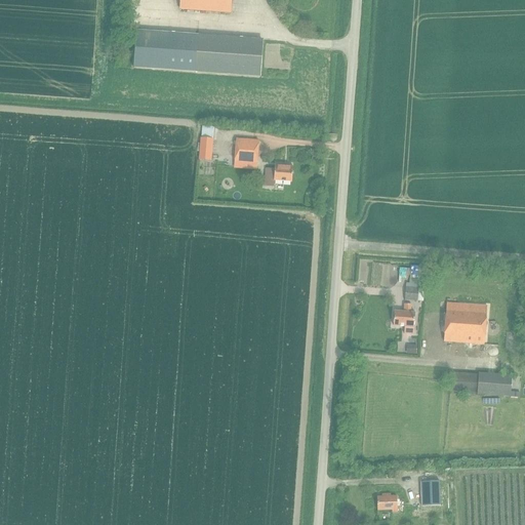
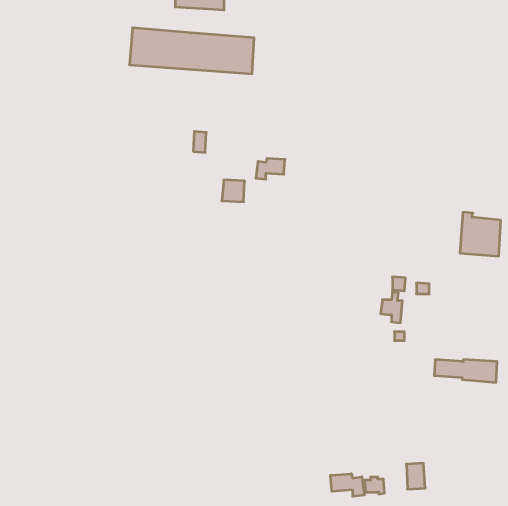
building: [235,138,258,161] -> [222,180,245,202]
building: [444,296,486,341] -> [460,212,501,256]
building: none -> [330,474,364,496]

